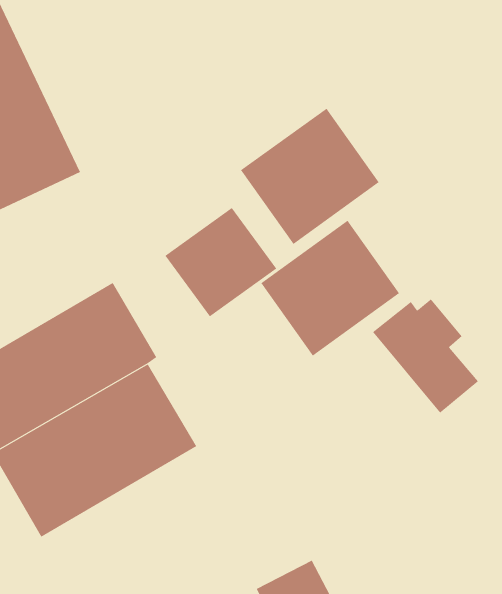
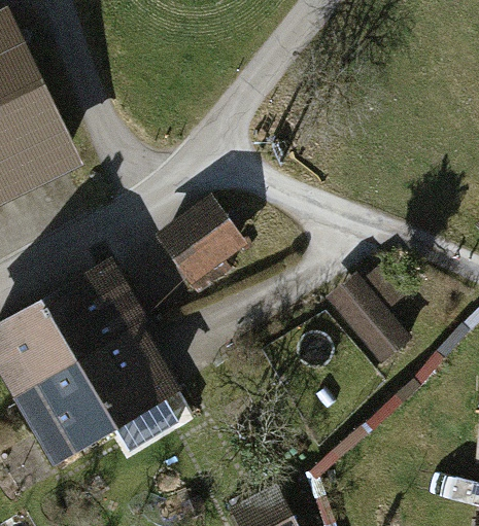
building: [240,108,380,245] -> none
building: [260,220,400,356] -> none

